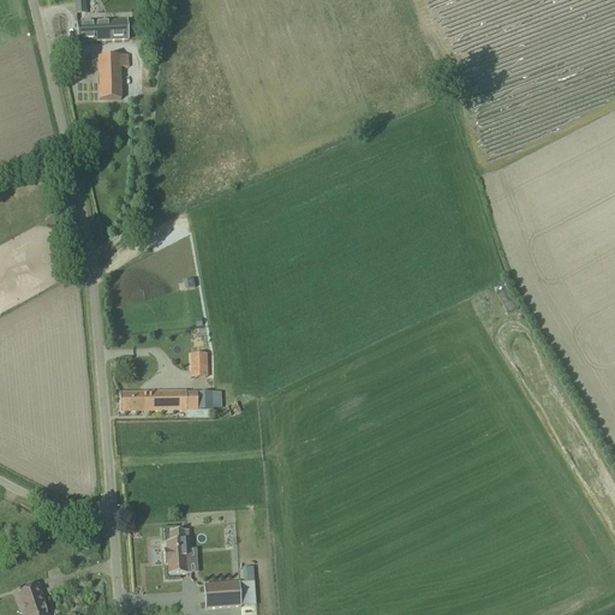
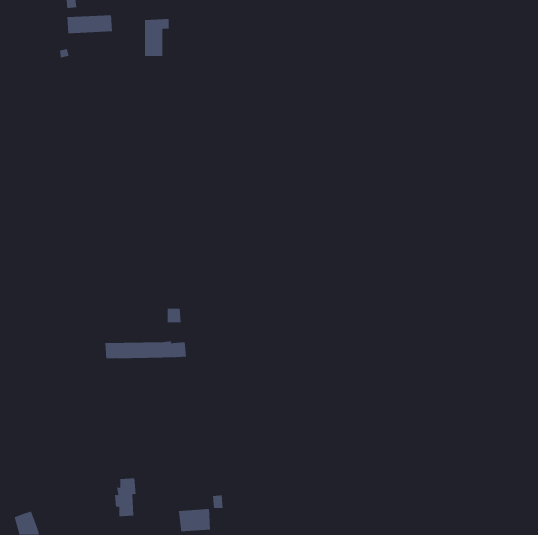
building: [100,53,129,96] -> [144,19,169,57]
building: [165,527,190,572] -> [114,478,136,517]

